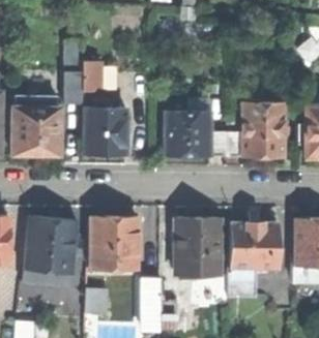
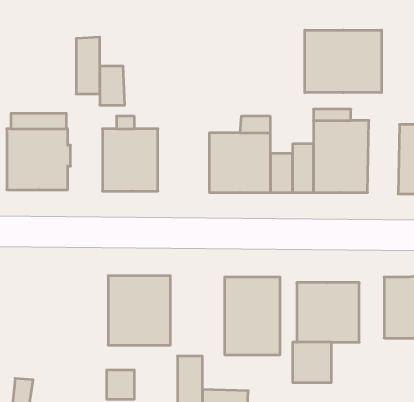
building: none -> [305,30,382,93]
building: [25,217,75,291] -> none

